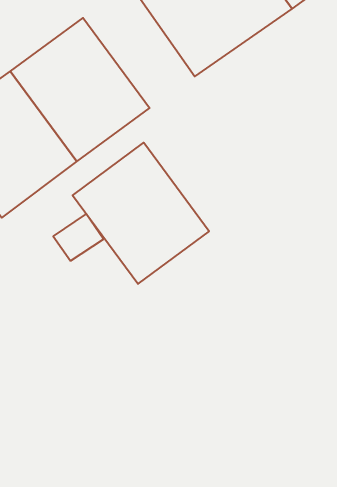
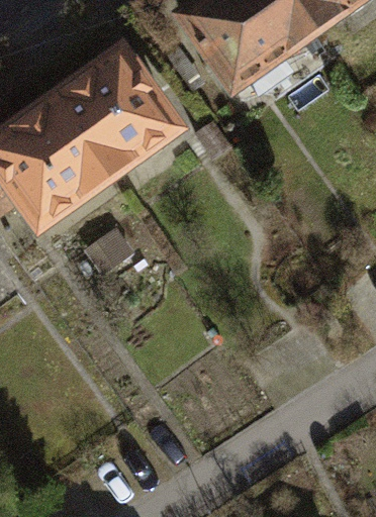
building: [73,143,209,284] -> none

